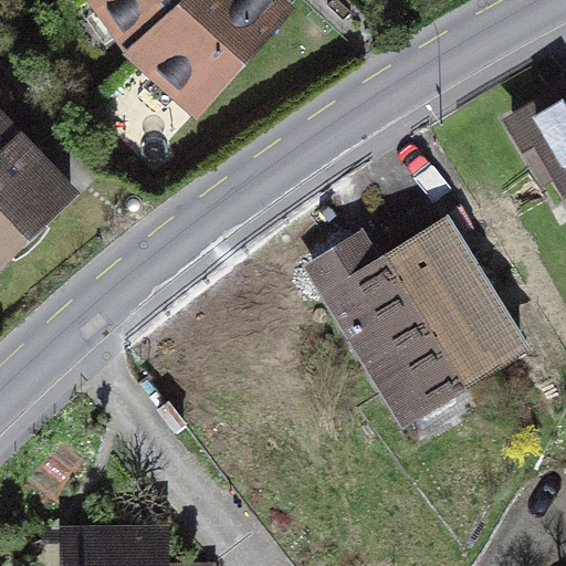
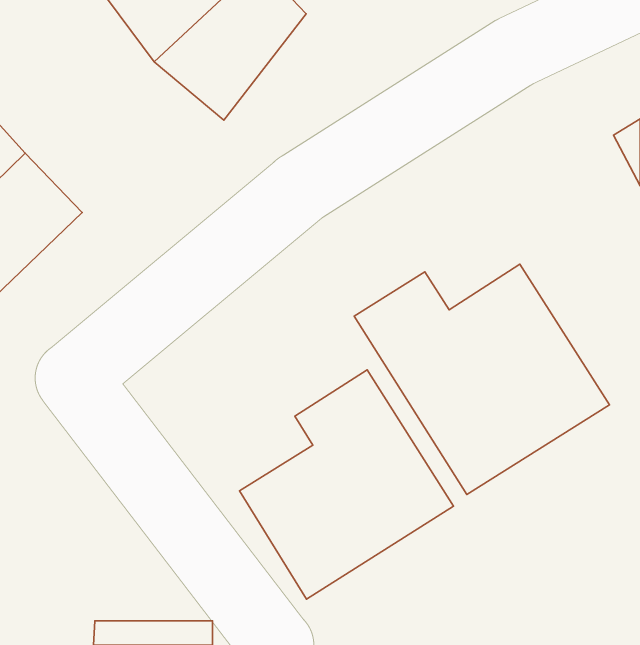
building: none -> [239,370,453,599]

